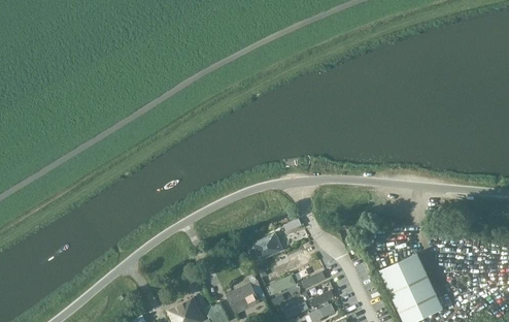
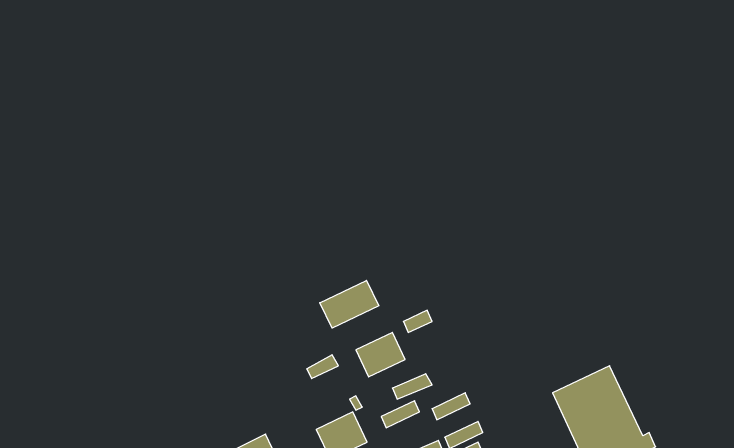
building: none -> [320,280,379,328]

